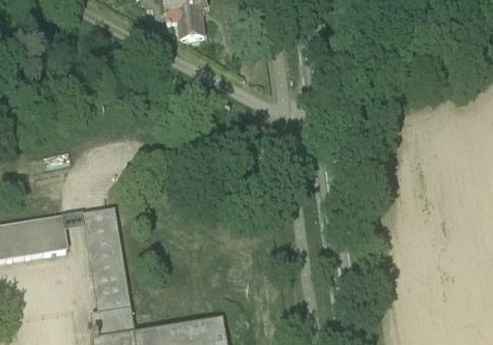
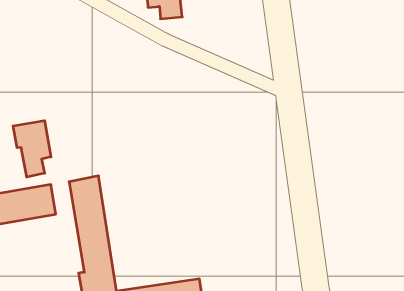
building: none -> [13,121,51,177]

